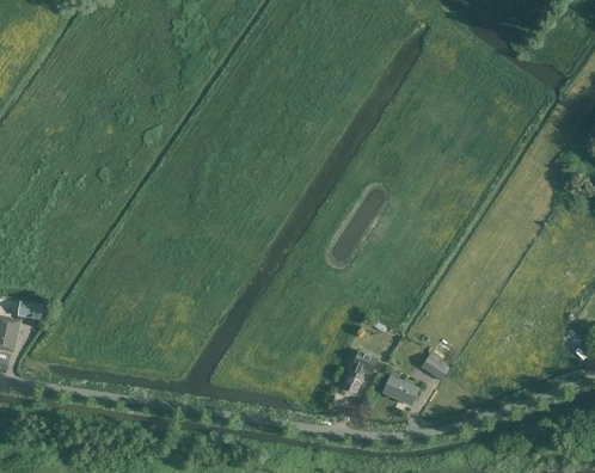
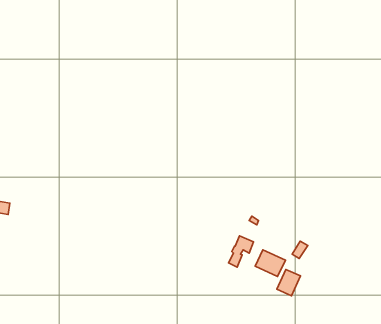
building: none -> [277,269,301,296]

